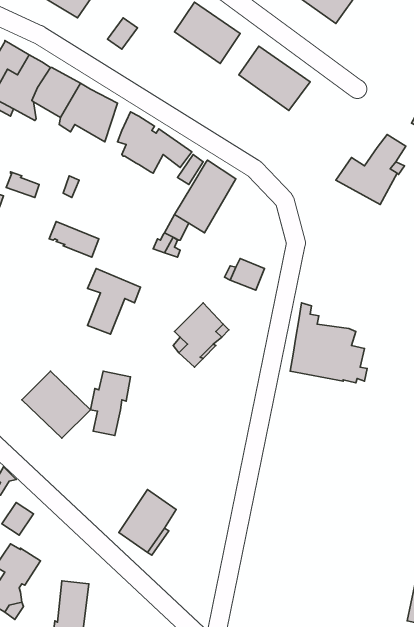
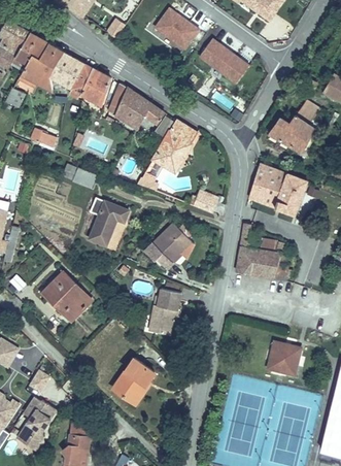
building: none -> [248,163,307,214]
building: [90,371,130,435] -> [151,289,180,335]
building: none -> [267,341,301,375]

